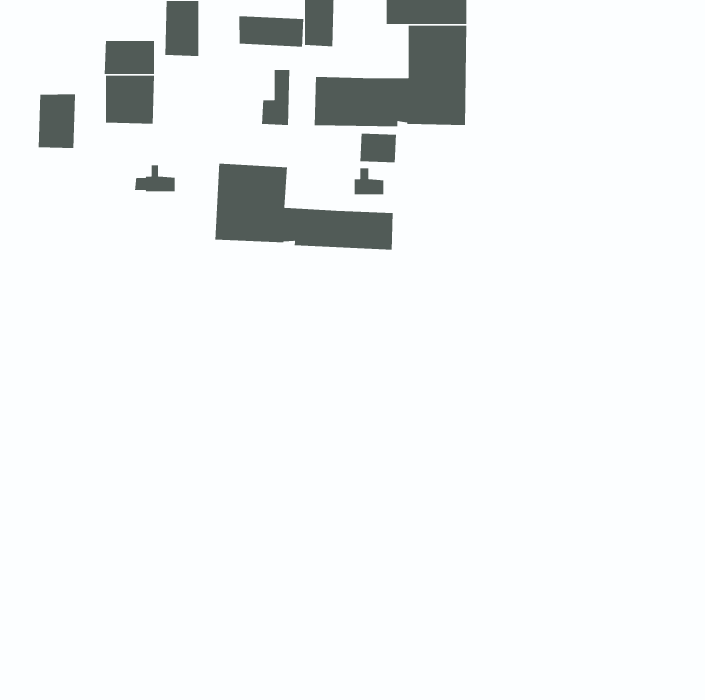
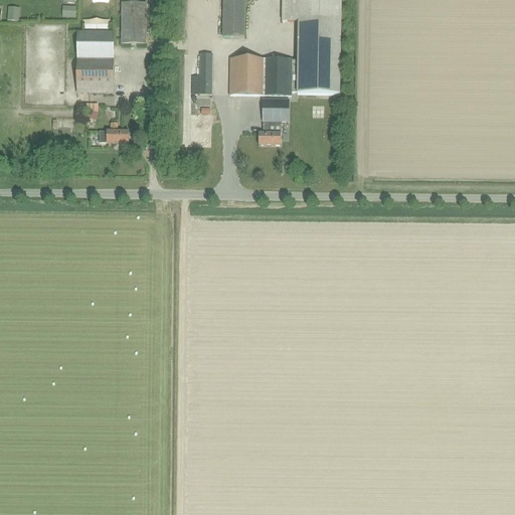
building: [238,15,304,47] -> none
building: [38,94,76,149] -> none
building: [215,163,394,251] -> none

